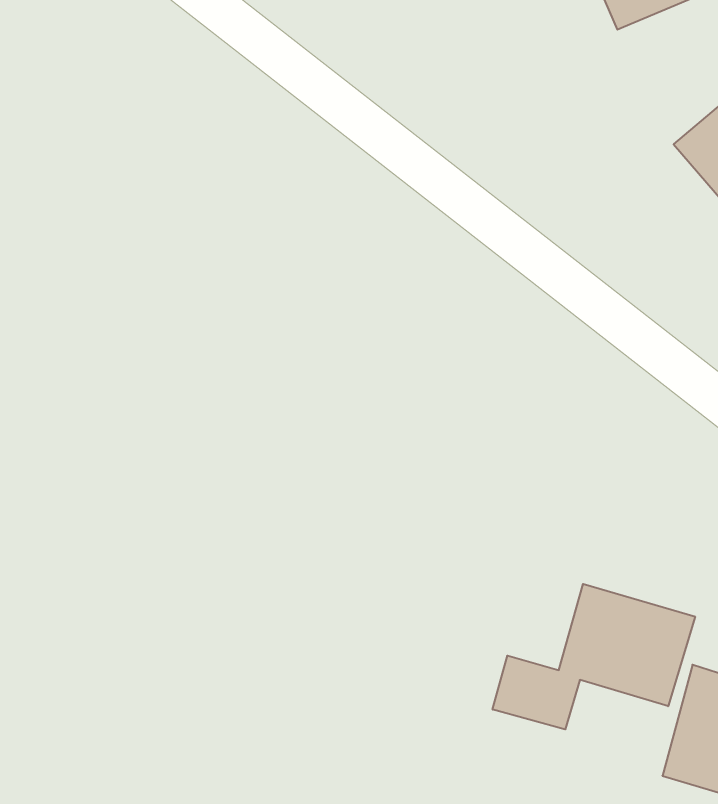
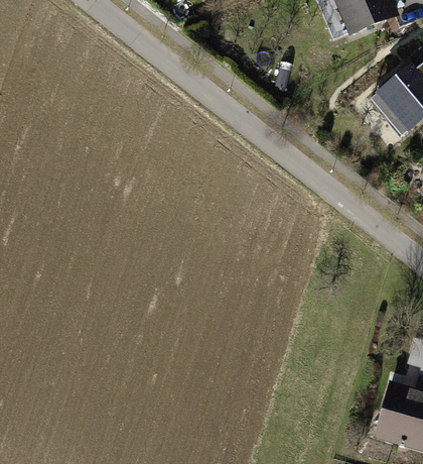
building: [493,584,695,729] -> none

